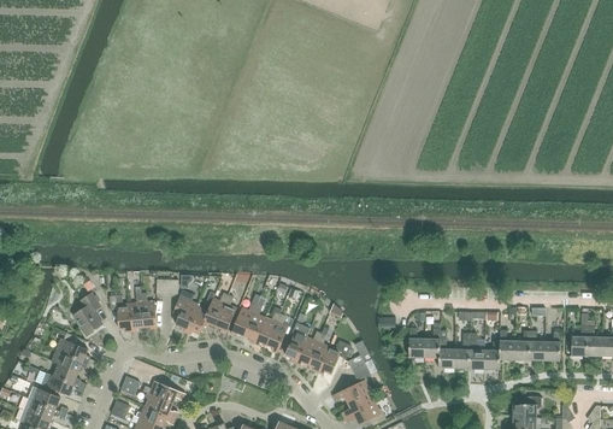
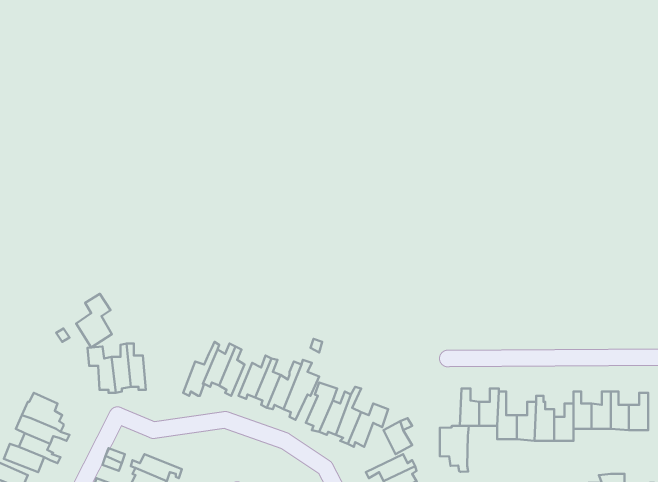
building: [172,289,198,331] -> none
building: [72,292,101,335] -> [76,294,112,348]
building: none -> [440,426,469,472]

